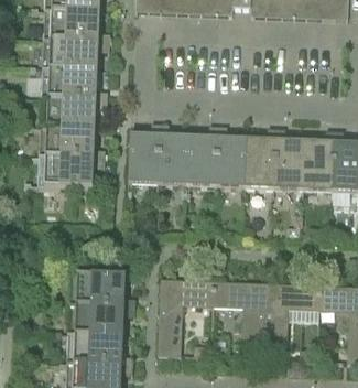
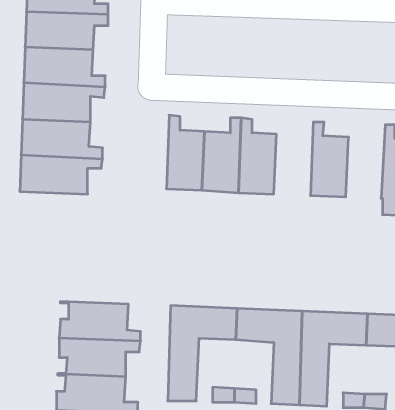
building: [128,125,159,184] -> none
building: [243,129,275,190] -> none
building: [302,131,334,192] -> none

